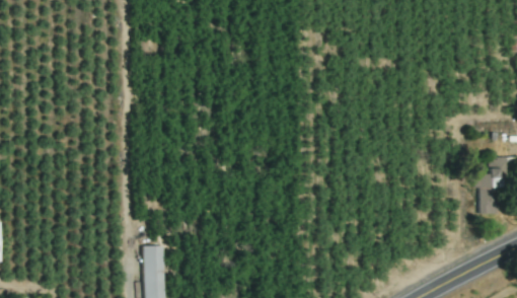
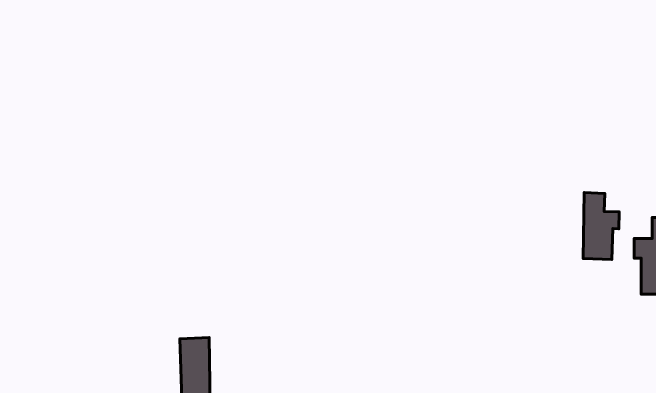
building: none -> [583,193,619,260]

